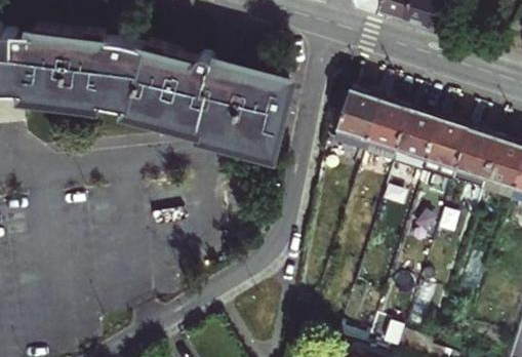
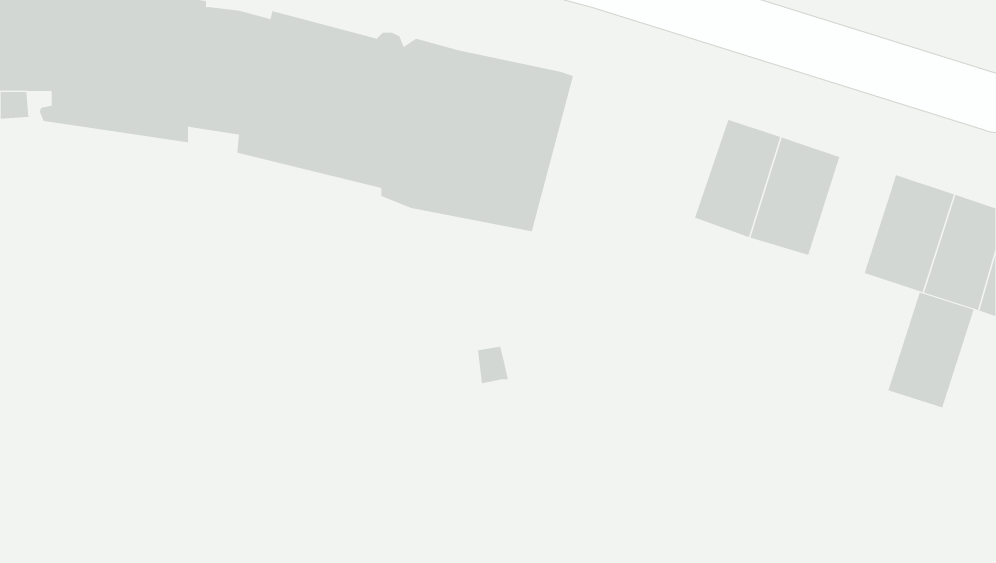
building: [331,86,378,147] -> none
building: [420,115,466,175] -> [888,292,974,408]

